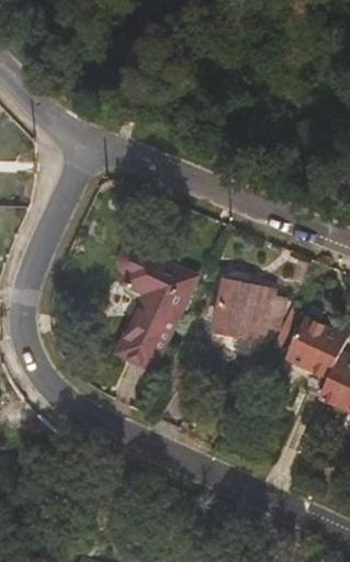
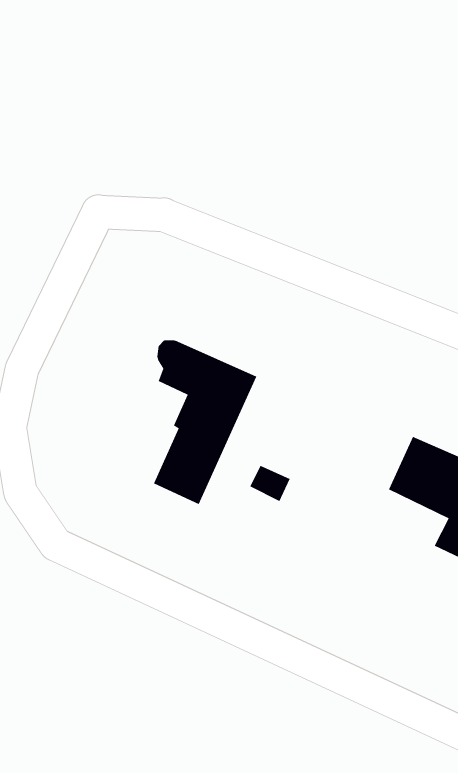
building: [212,279,284,338] -> none

